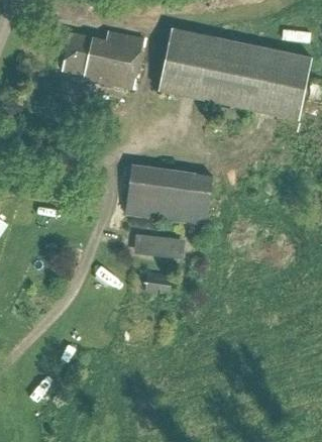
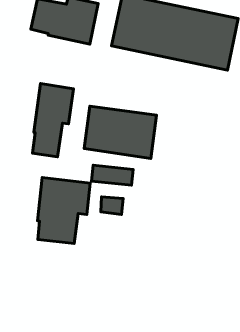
building: none -> [33,84,73,157]
building: none -> [38,178,90,243]

